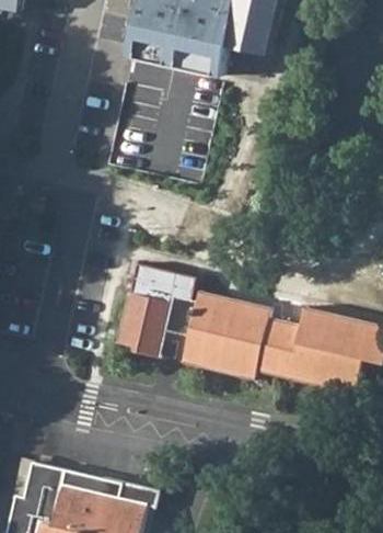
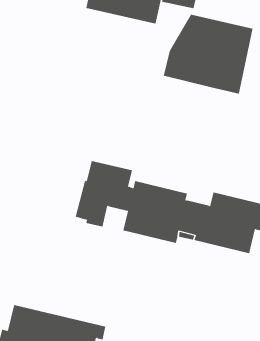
building: none -> [163,14,253,94]

